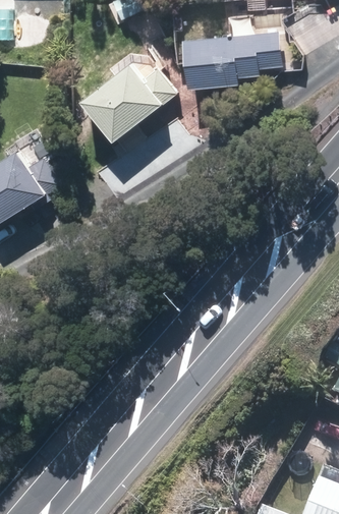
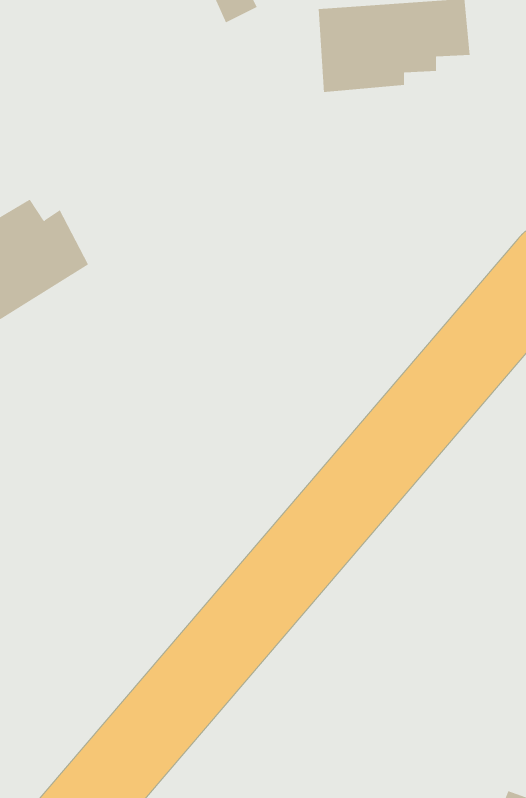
building: [93,59,180,133] -> none

